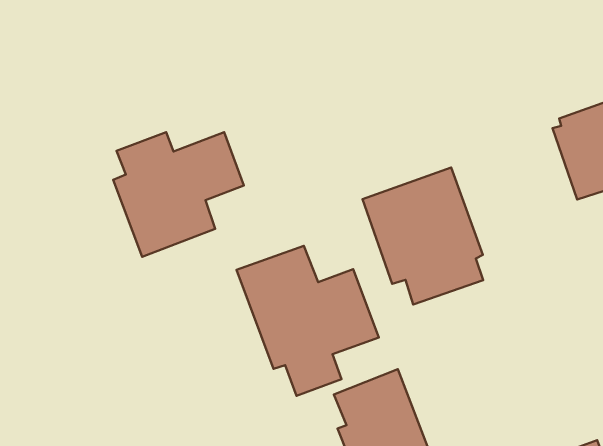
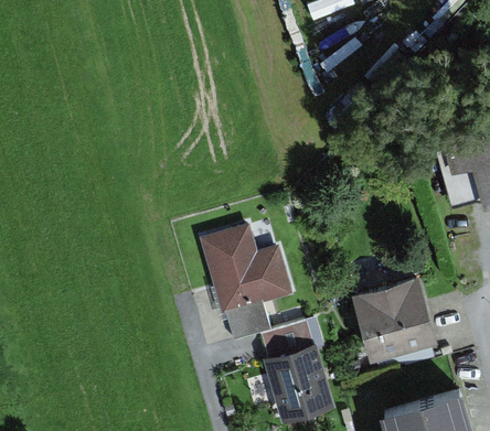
building: [113,132,244,257] -> none
building: [362,167,483,305] -> [350,273,436,373]

